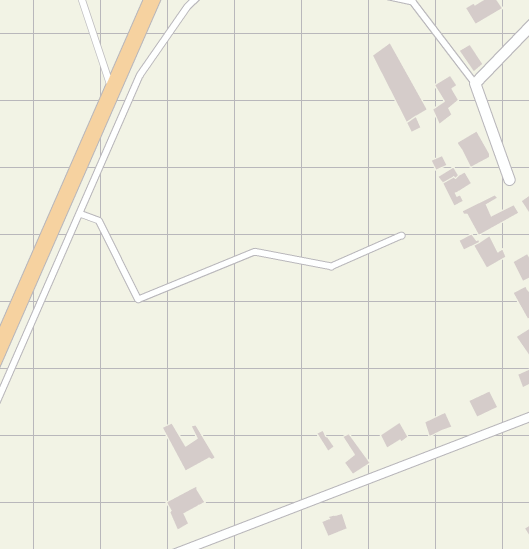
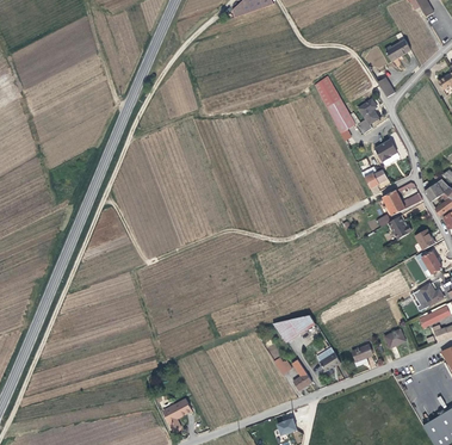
building: none -> [274,316,316,342]
building: [162,423,216,471] -> none

